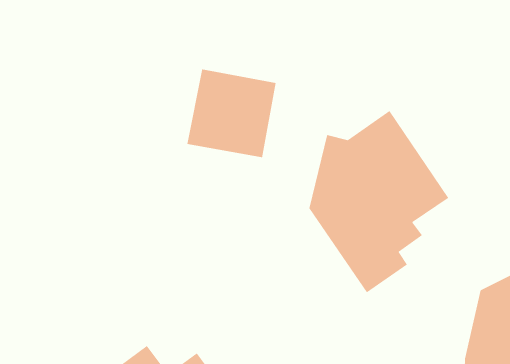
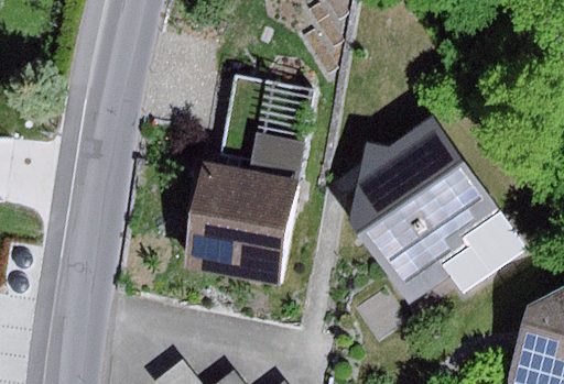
building: none -> [186,161,297,285]

